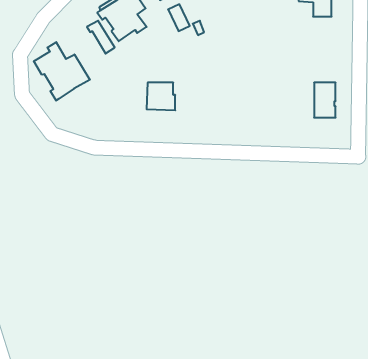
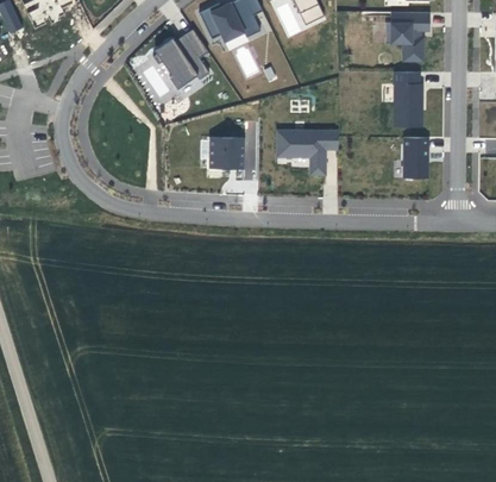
building: none -> [393,71,422,127]
building: [34,42,90,101] -> none
building: none -> [277,131,338,174]

